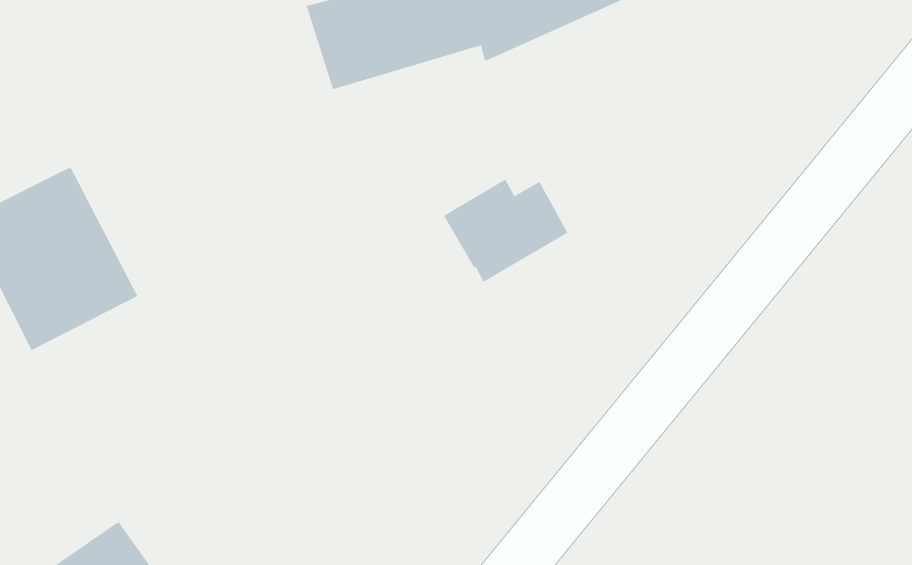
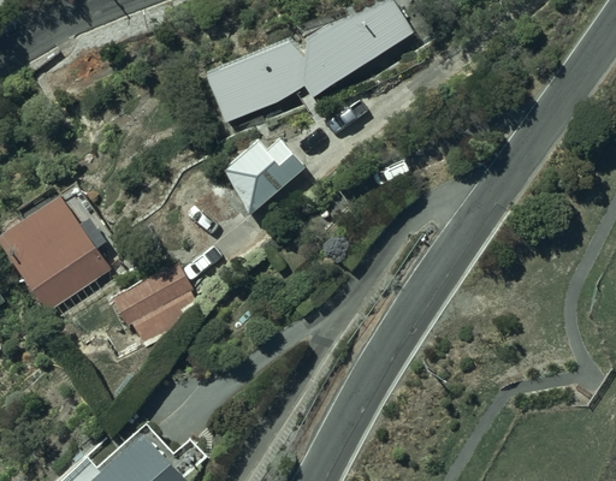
building: [443,179,568,282] -> [225,143,304,210]
building: none -> [113,260,213,351]

